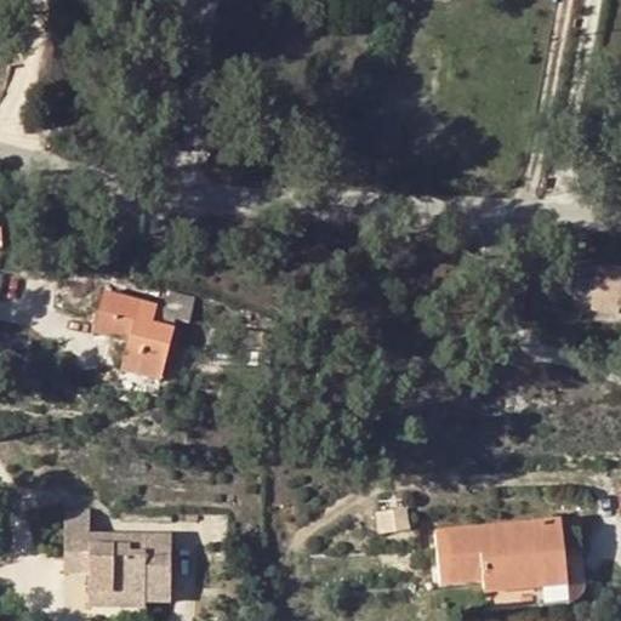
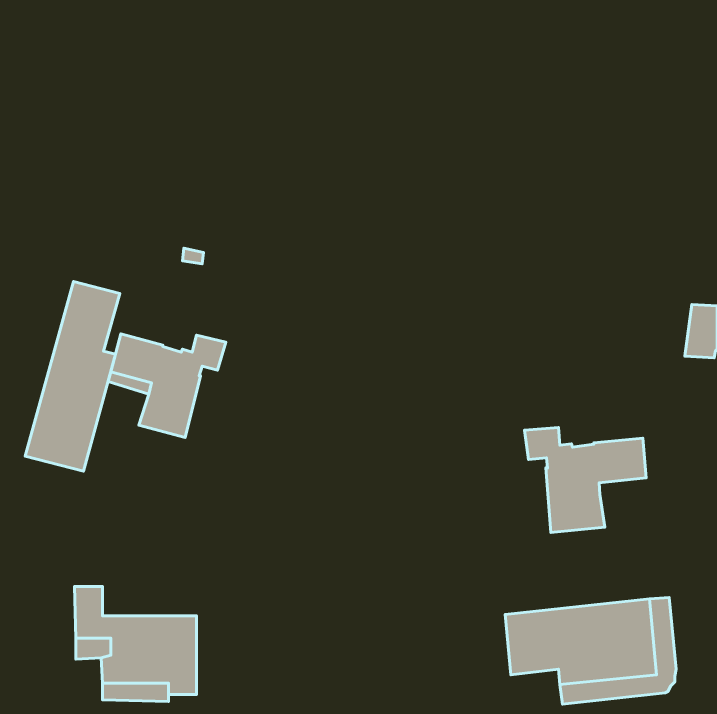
building: none -> [25,281,120,471]
building: none -> [525,428,646,532]

